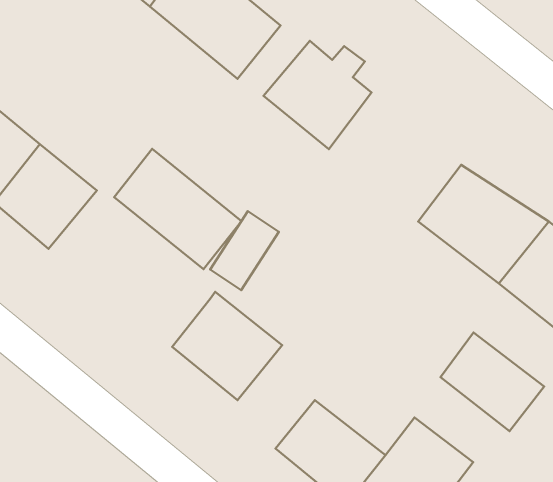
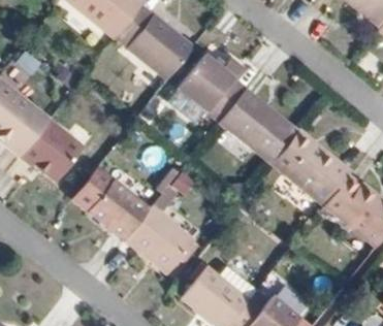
building: none -> [217,85,296,162]
building: [114,149,241,269] -> [69,165,146,237]
building: [441,333,544,431] -> none

